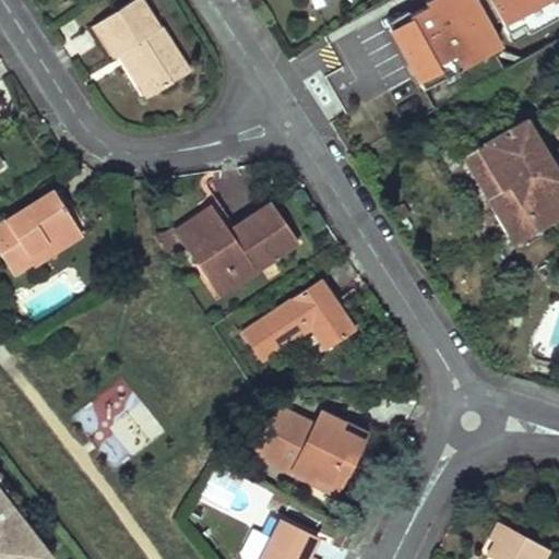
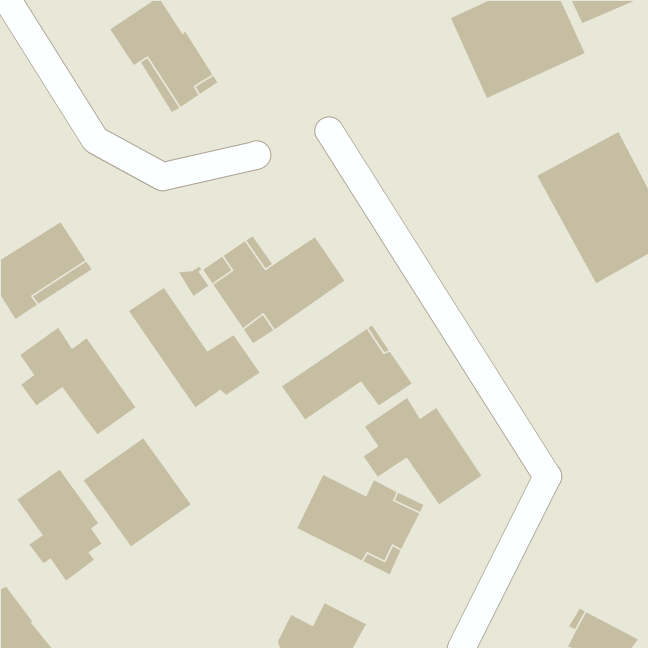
building: none -> [128,287,261,409]
building: none -> [19,327,137,436]
building: none -> [362,397,483,505]
building: none -> [16,468,103,582]

